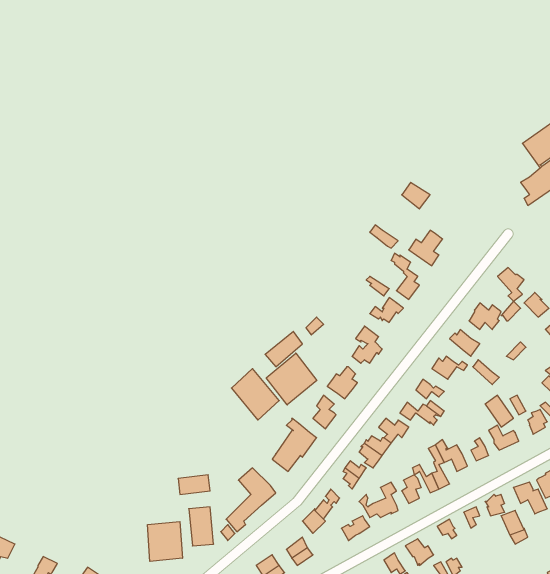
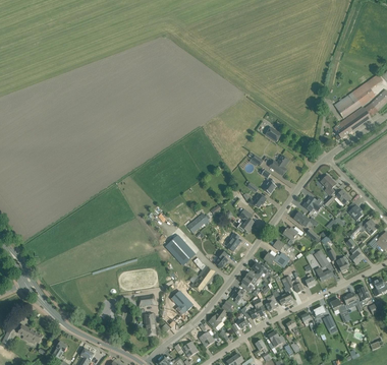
building: [266,353,317,405] -> none
building: [148,522,182,561] -> none

